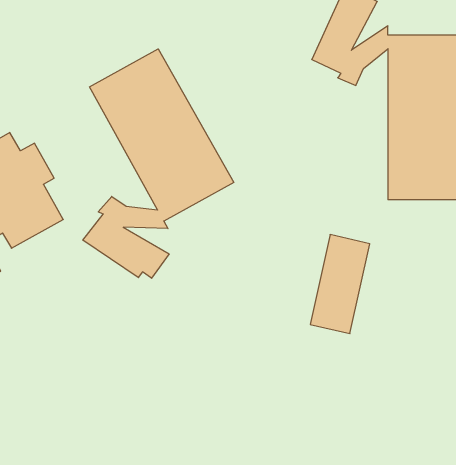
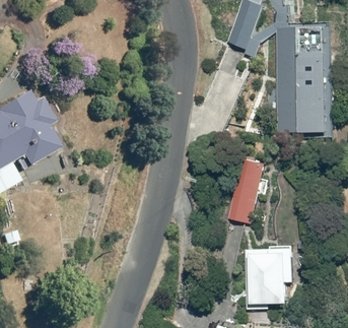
building: [83,49,234,278] -> none
building: none -> [245,246,293,304]

